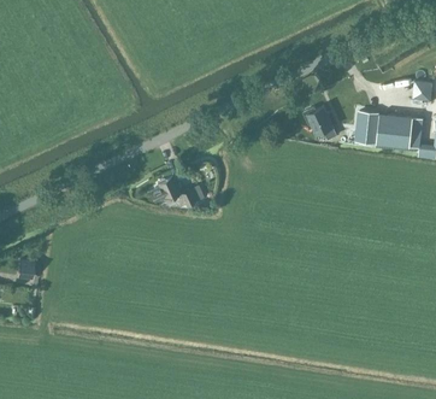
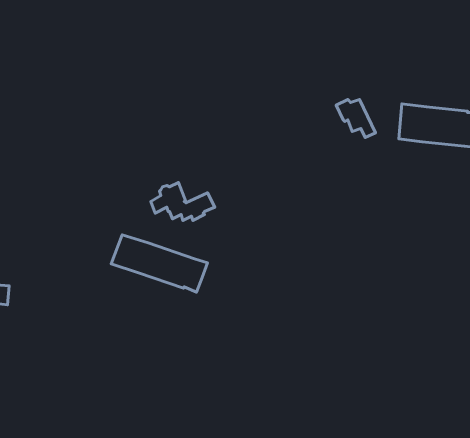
building: none -> [111,235,208,292]

